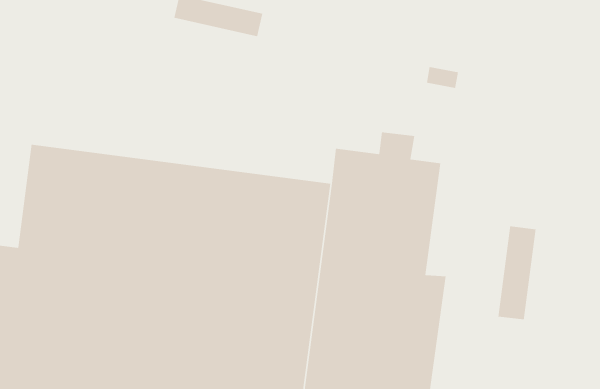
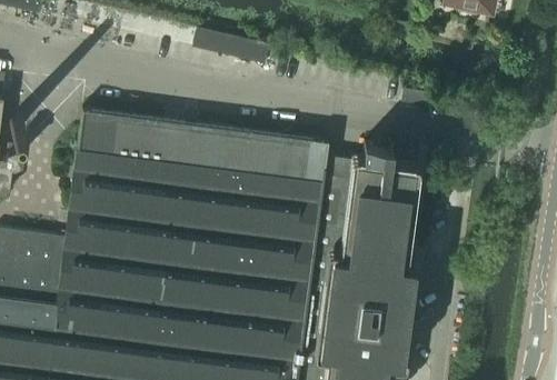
building: none -> [79,110,330,184]
building: [498,226,536,320] -> none

